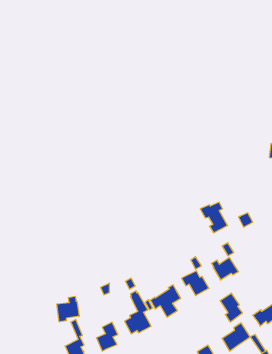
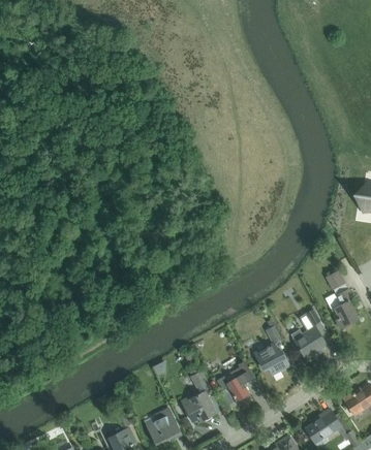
building: [200,202,228,233] -> [324,290,359,328]
building: [220,293,242,322] -> none
building: [57,296,79,322] -> none

